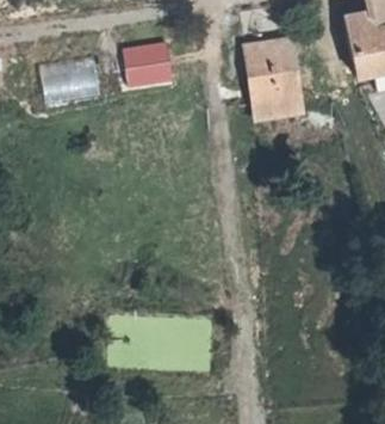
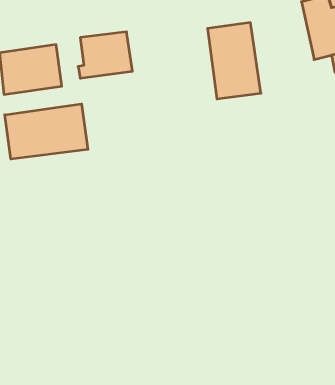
building: none -> [5,104,88,159]

